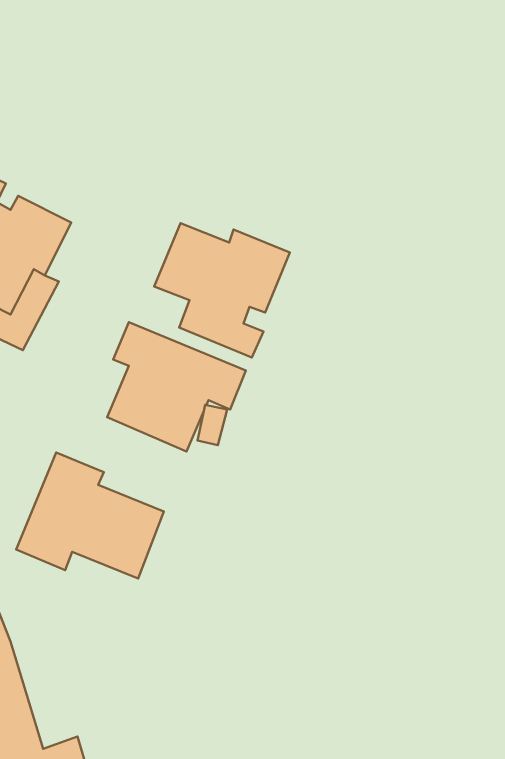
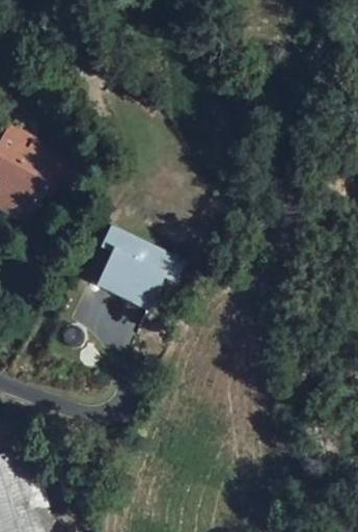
building: [154,223,290,357] -> none
building: [16,453,164,578] -> none

